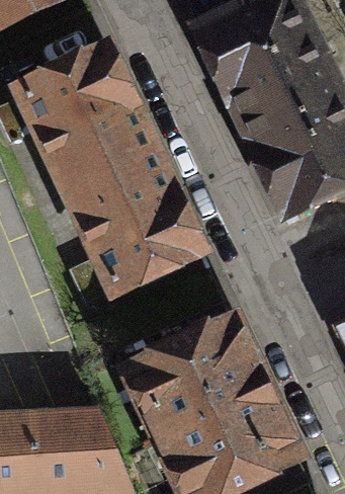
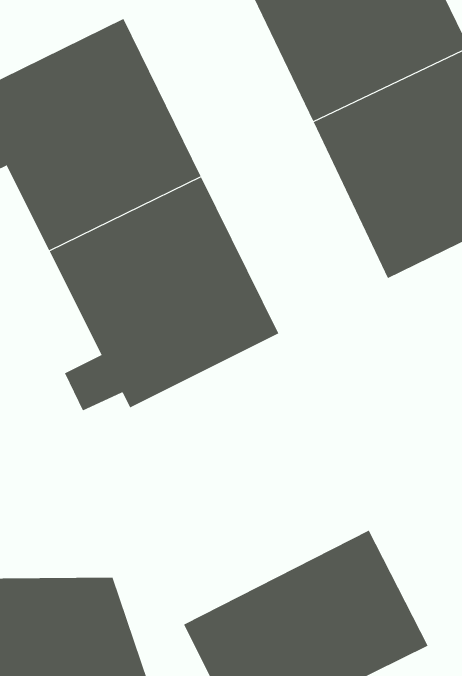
building: [113,310,272,441] -> none

